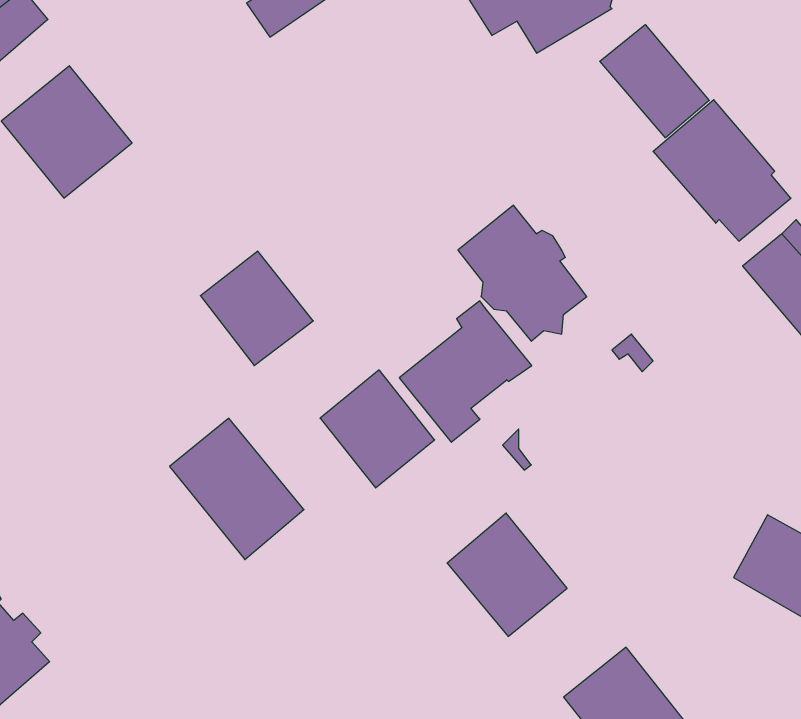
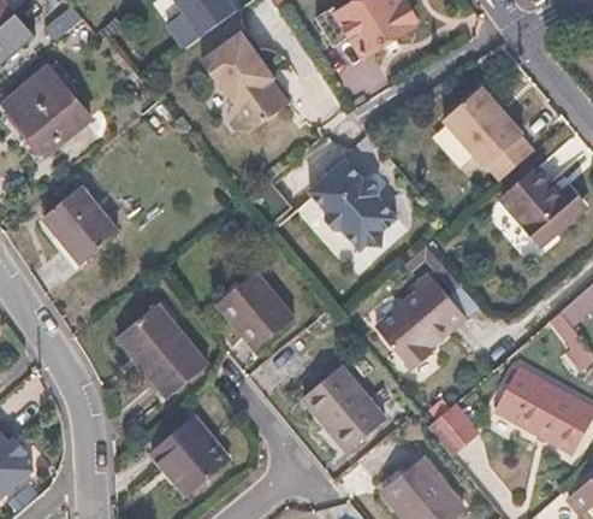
building: none -> [202,33,289,131]
building: [600,25,709,138] -> none
building: [200,251,313,366] -> [42,185,118,263]
building: [399,301,532,442] -> [378,276,467,371]
building: none -> [427,405,475,455]
building: none -> [148,415,227,495]

